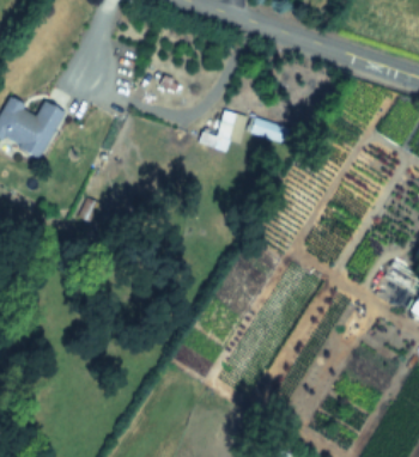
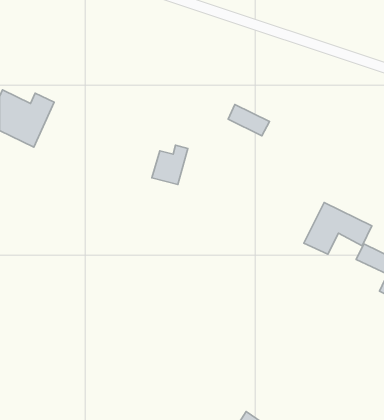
building: [199,109,237,151] -> [152,145,188,184]
building: none -> [304,202,372,254]

